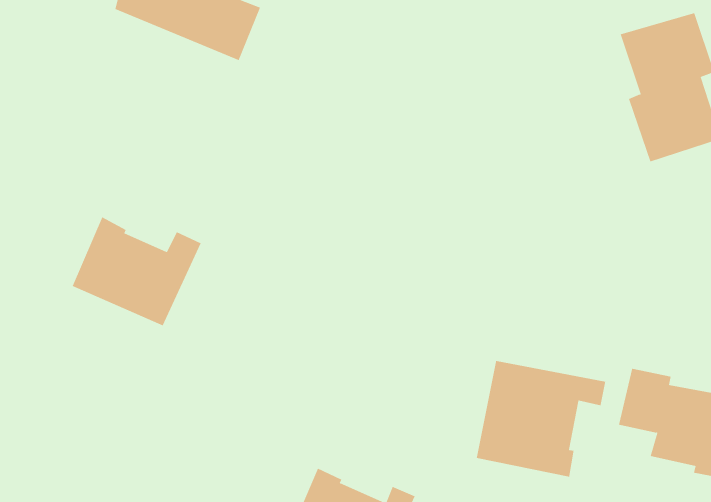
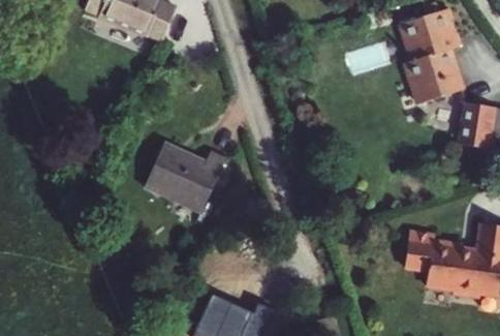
building: [72,216,201,326] -> [146,143,226,211]
building: [476,360,606,478] -> none

